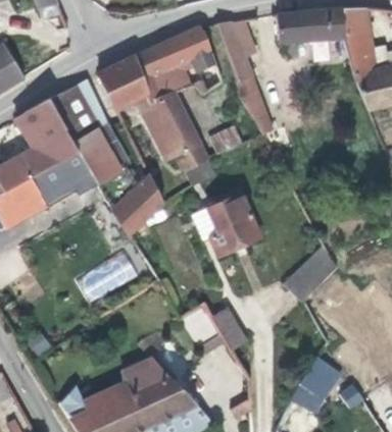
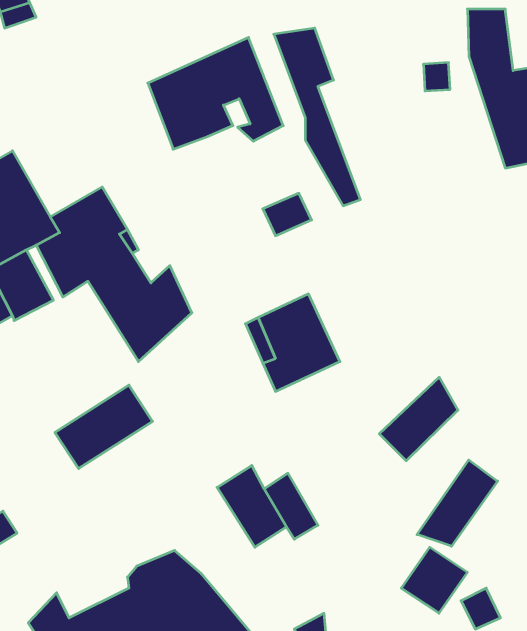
building: [277,7,344,58] -> none
building: [98,55,215,185] -> none
building: [48,80,106,142] -> none
building: none -> [417,460,498,546]

